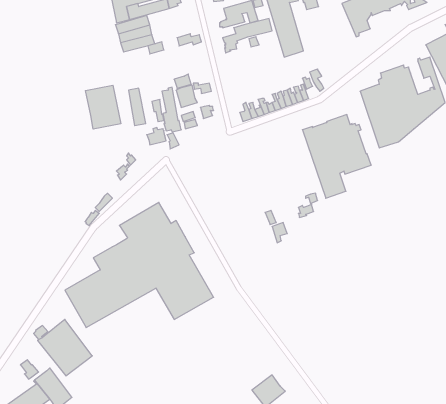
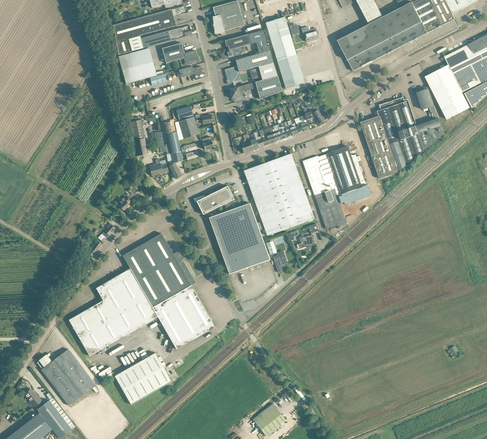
building: none -> [162,42,199,65]
building: none -> [229,75,282,103]
building: [85,85,121,129] -> none
building: none -> [193,153,314,274]
building: none -> [115,352,172,404]

